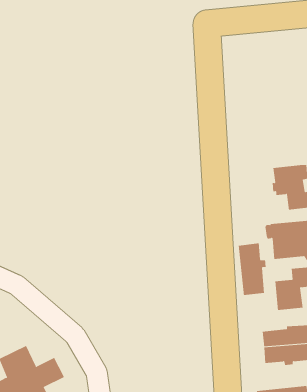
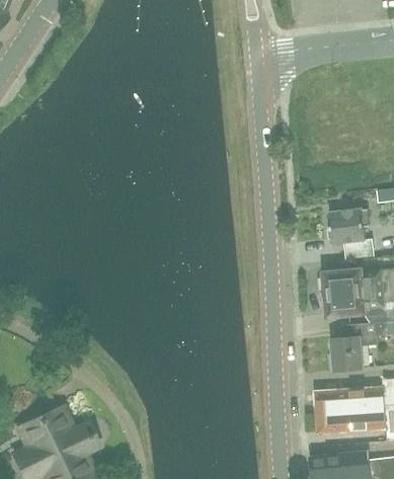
building: [238,243,266,296] -> none

